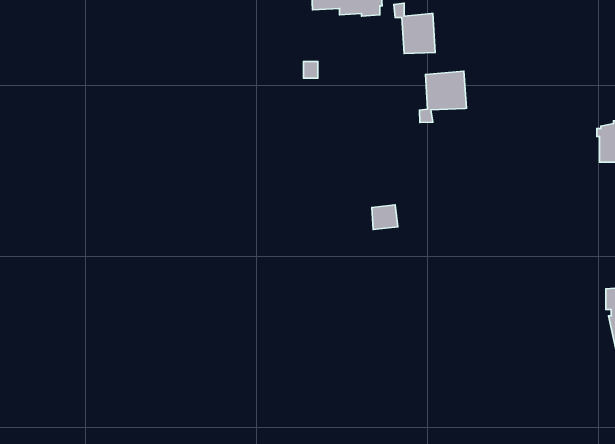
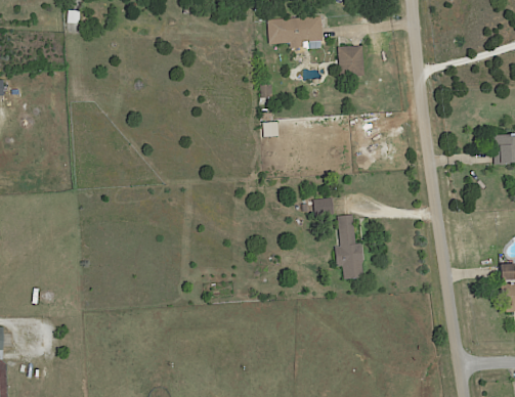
building: [420,71,466,122] -> none
building: none -> [335,213,363,277]

